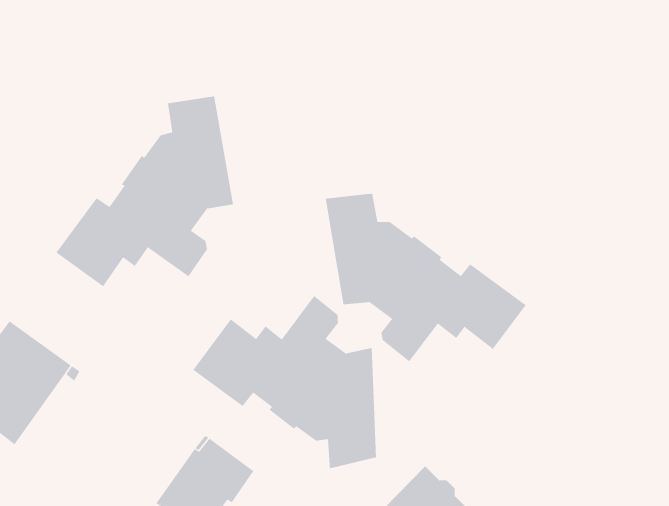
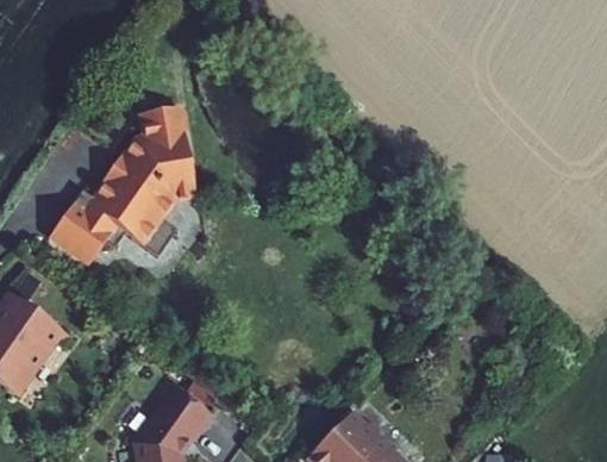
building: [325,193,527,362] -> none
building: [192,295,376,469] -> none

